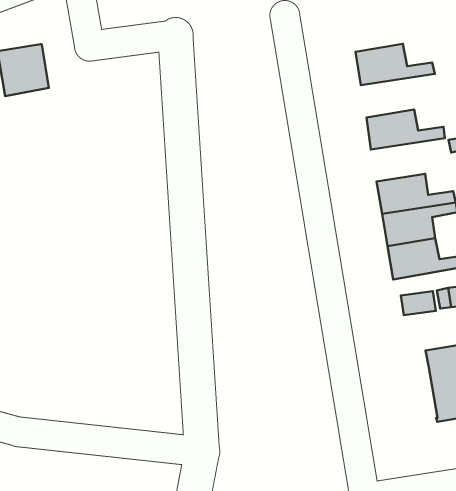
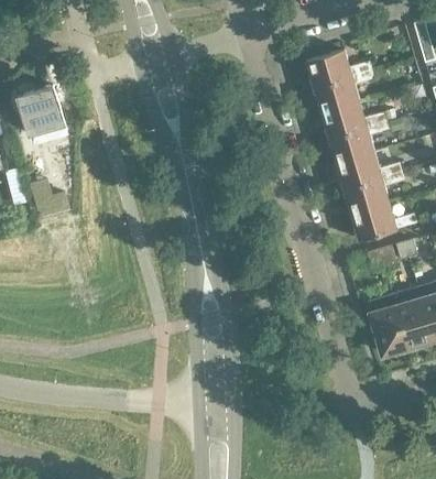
building: none -> [314,73,374,115]
building: none -> [328,123,389,165]
building: none -> [368,296,408,356]

